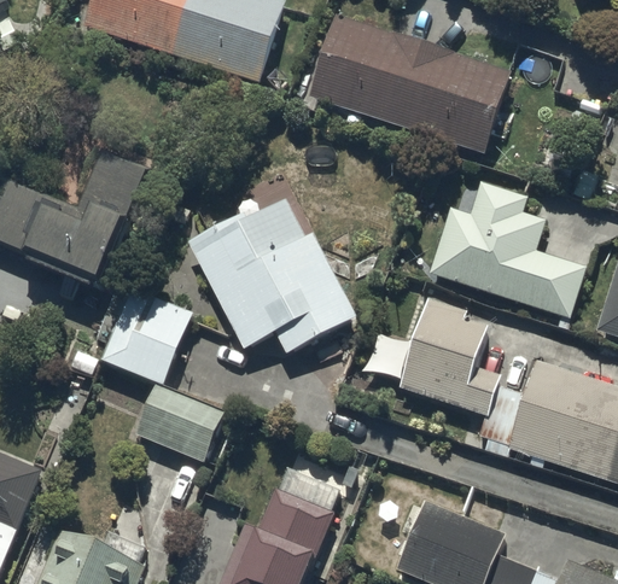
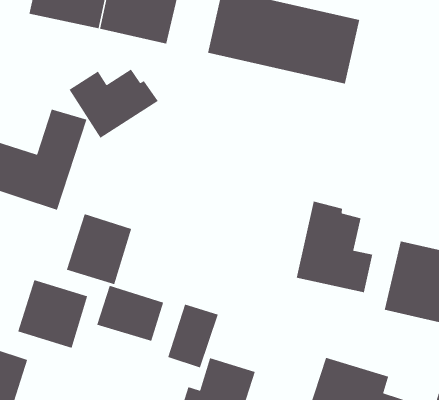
building: none -> [69,68,159,139]
building: [428,181,584,316] -> none
building: [187,198,355,351] -> none
building: none -> [17,279,88,349]
building: none -> [167,303,219,368]

